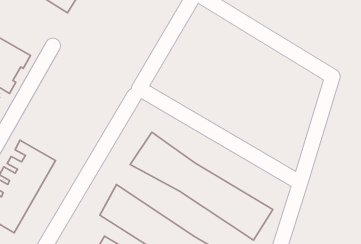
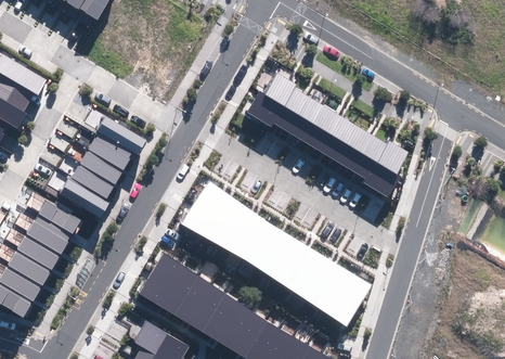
building: none -> [246,72,409,197]
building: none -> [60,117,145,217]

